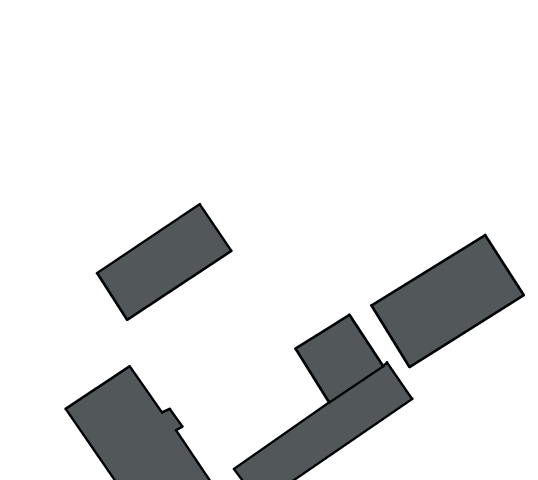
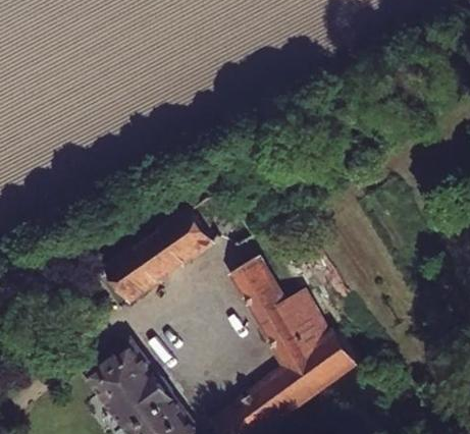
building: [371,235,524,367] -> none
building: none -> [236,264,285,323]

